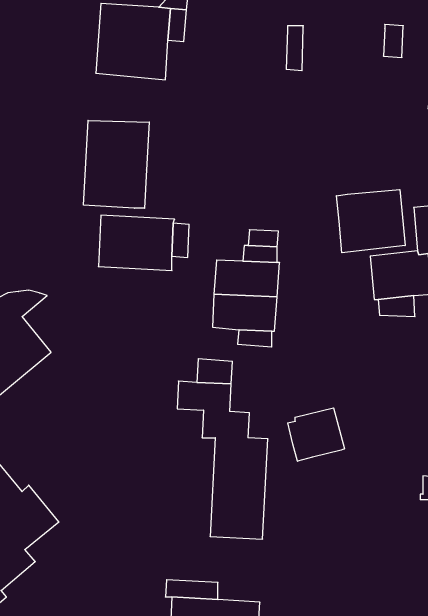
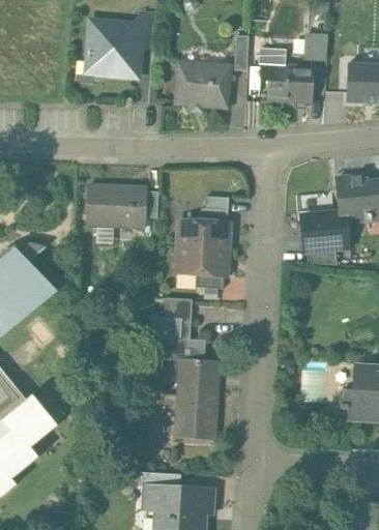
building: none -> [259,48,312,101]
building: none -> [174,60,231,108]
building: [84,120,149,208] -> none
building: [336,190,405,253] -> none
building: [288,408,344,461] -> none

